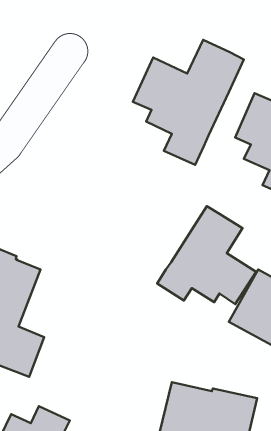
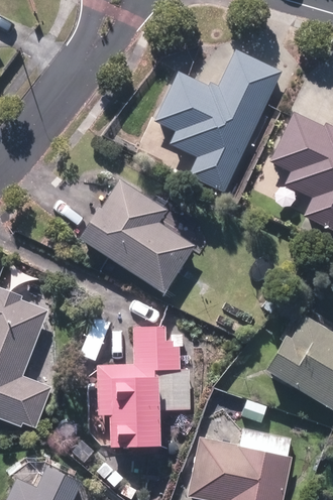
building: none -> [79,179,195,295]
building: [157,206,256,304] -> none
building: none -> [96,327,182,449]

